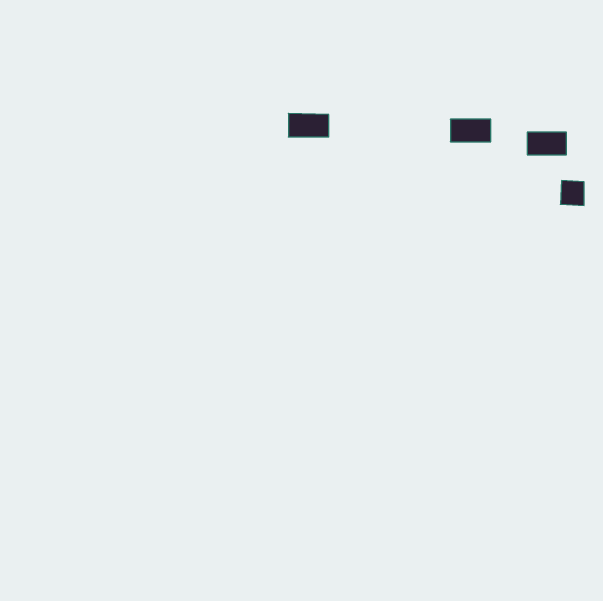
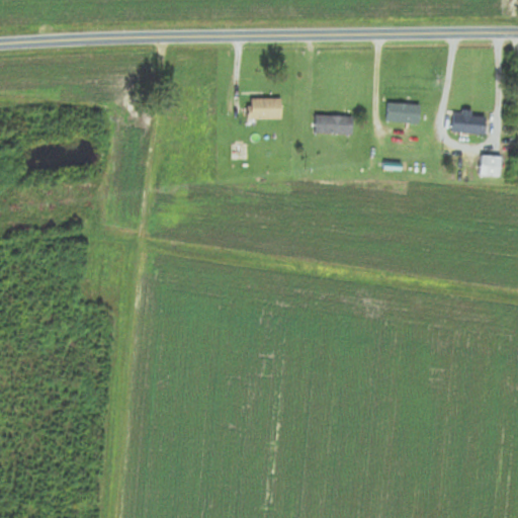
building: none -> [315,114,352,134]

